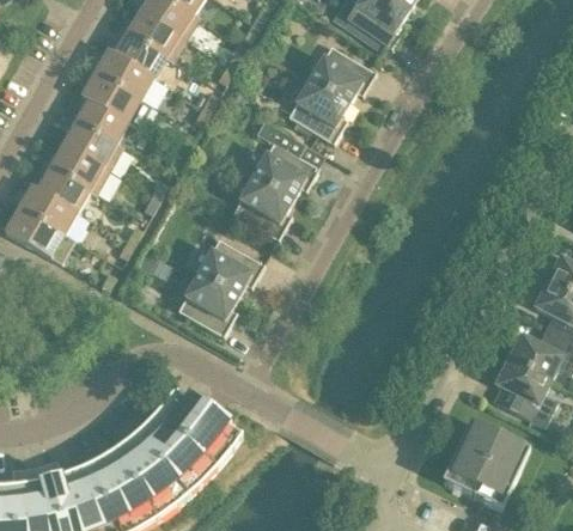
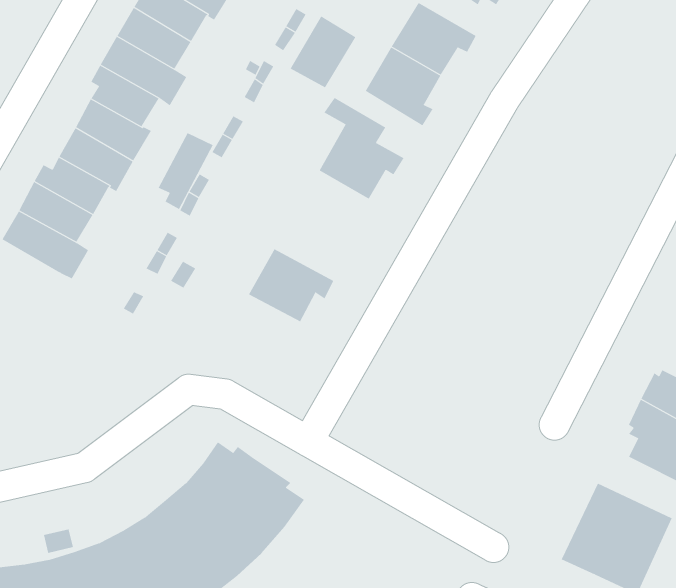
building: none -> [290,16,356,88]
building: none -> [158,132,213,210]
building: [232,177,292,239] -> none
building: [177,274,238,335] -> none

